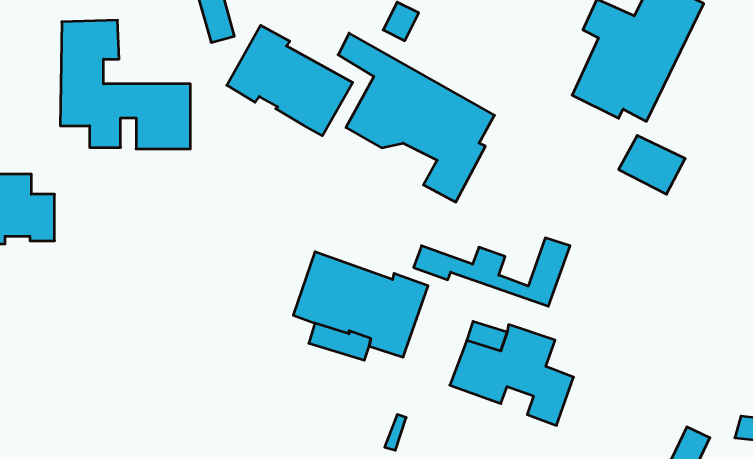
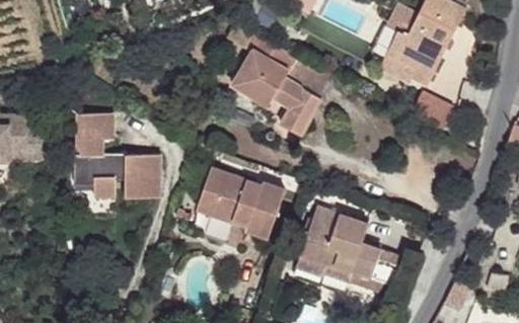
building: [60,20,190,149] -> [75,113,160,197]
building: [227,25,353,136] -> none
building: [414,238,570,306] -> [294,248,396,293]

